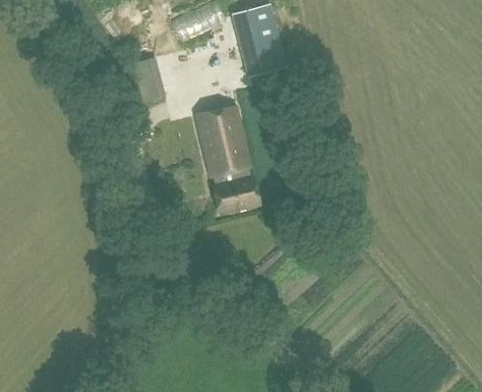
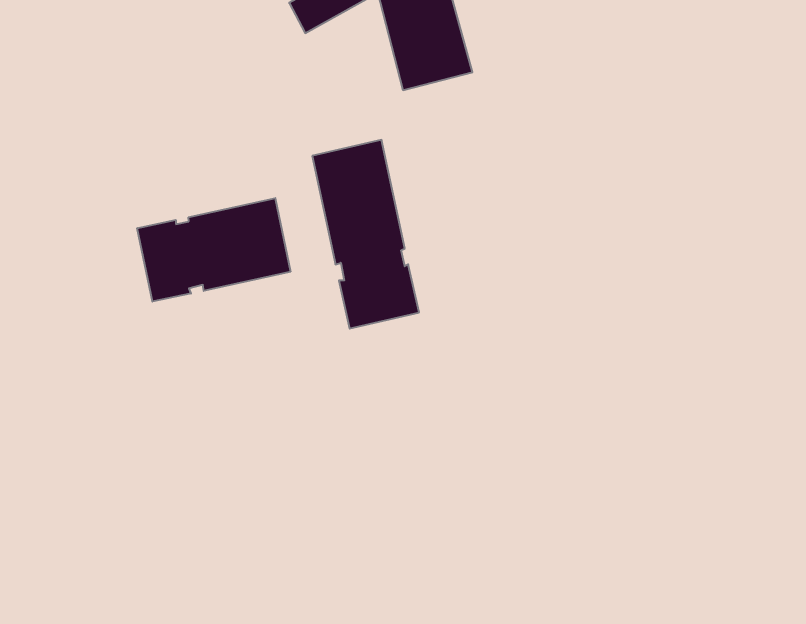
building: [131,58,164,100] -> none
building: none -> [137,198,290,302]

